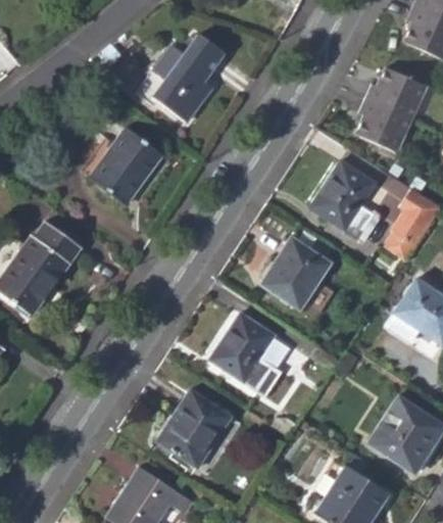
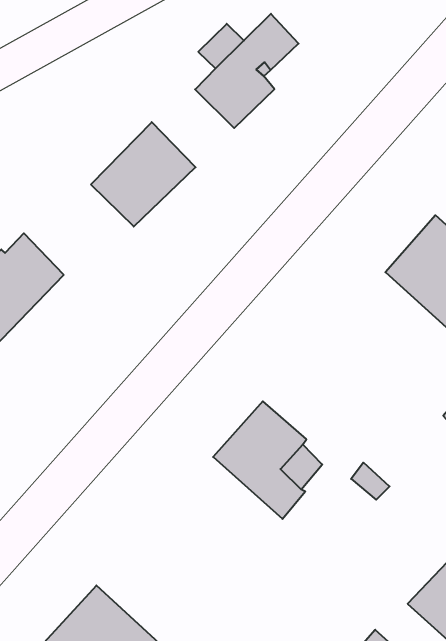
building: [261,236,330,308] -> none
building: [158,390,232,467] -> none

